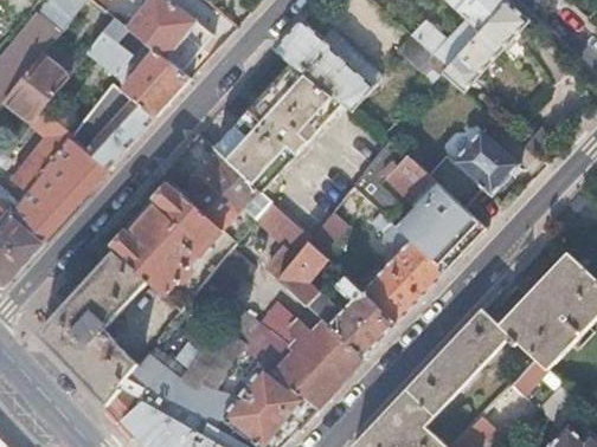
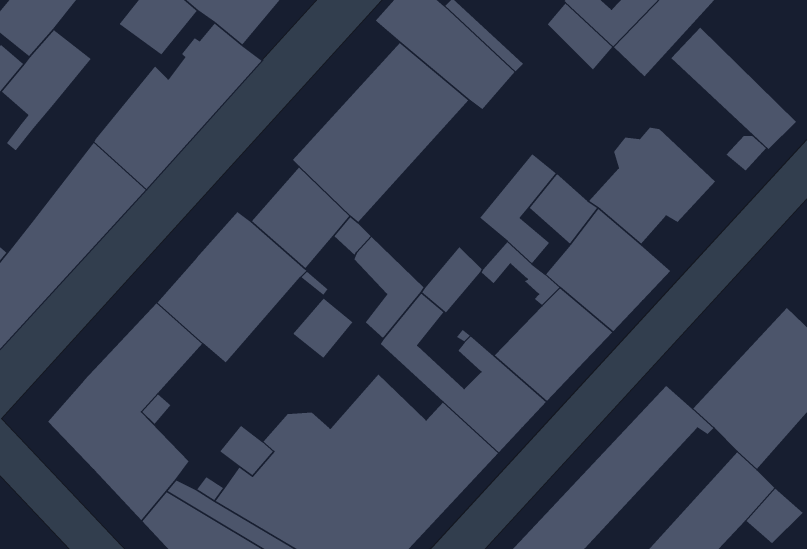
building: none -> [670,27,797,150]
building: [11,108,72,192] -> none

